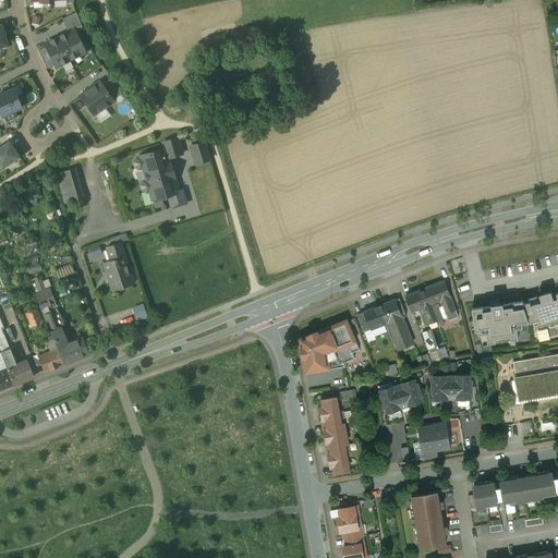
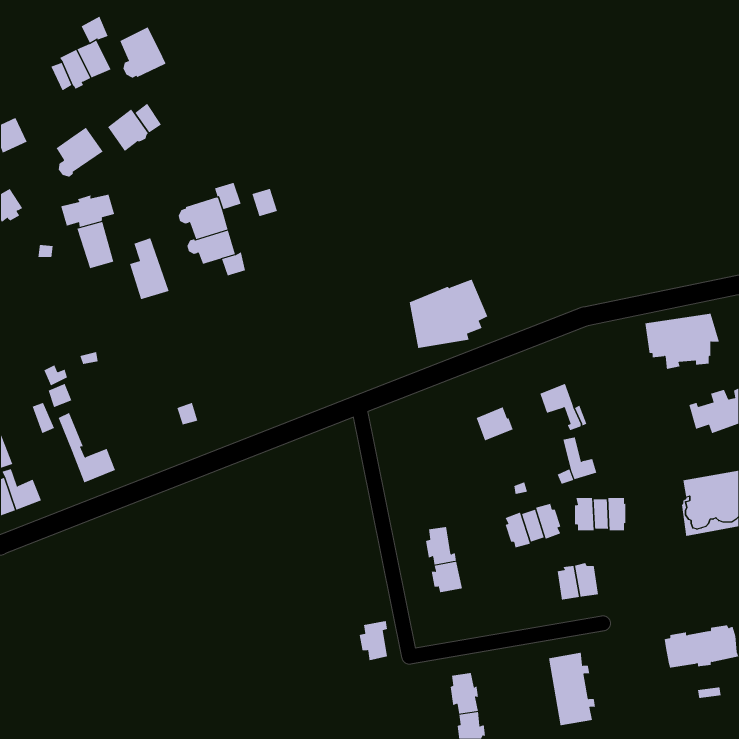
building: none -> [119,26,166,78]
building: none -> [56,127,103,177]
building: none -> [61,194,115,228]
building: [102,243,133,290] -> [129,238,170,300]
building: [426,281,458,319] -> none
building: [379,298,413,348] -> none
building: [468,302,524,344] -> [644,313,720,370]
building: [300,322,360,374] -> [409,279,488,348]
building: [37,339,63,372] -> none
building: [328,444,350,474] -> [359,620,388,661]
building: [473,481,498,509] -> none

